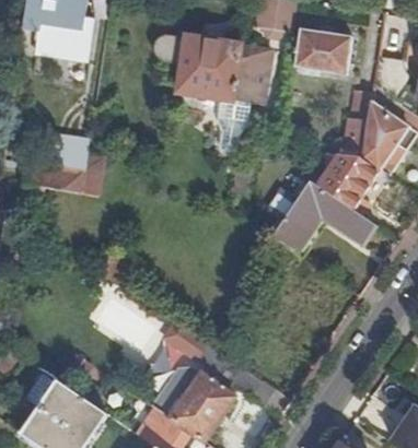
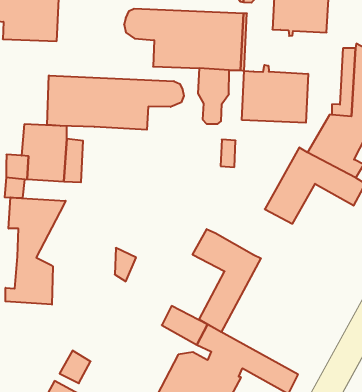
building: none -> [47,75,184,130]
building: none -> [242,65,308,123]
building: none -> [5,197,66,305]
building: none -> [193,229,261,332]

